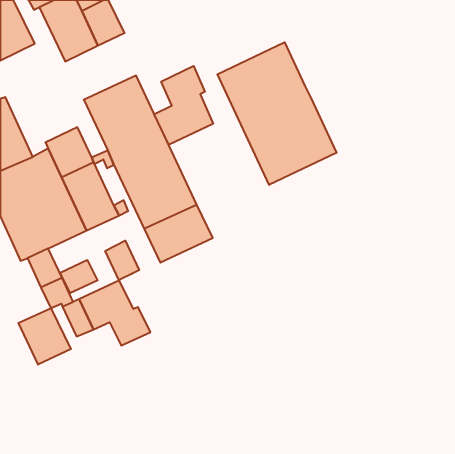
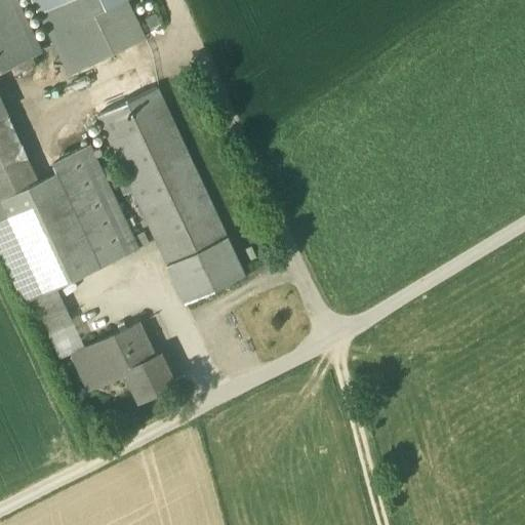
building: [217,42,336,185] -> none
building: [154,66,213,145] -> none
building: [105,241,139,280] -> none
building: [60,260,98,293] -> none
building: [18,308,71,365] -> none

